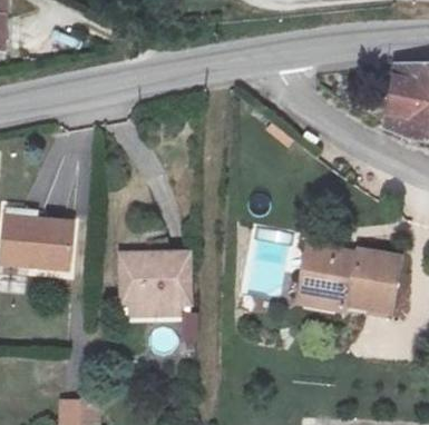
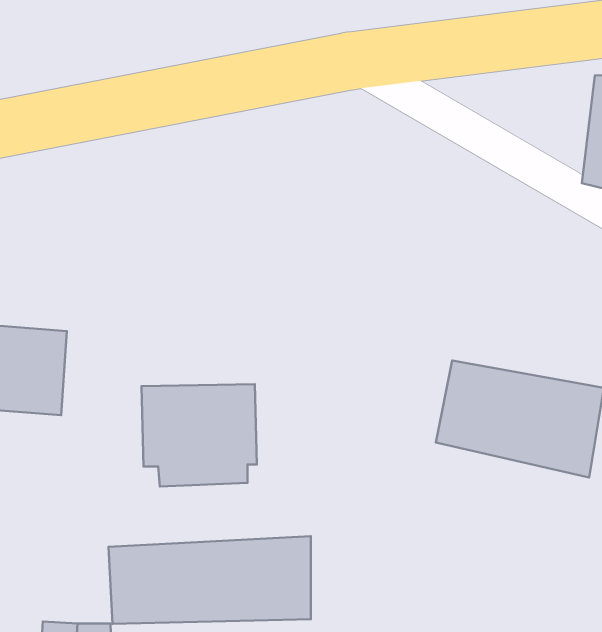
building: none -> [109,536,311,624]

